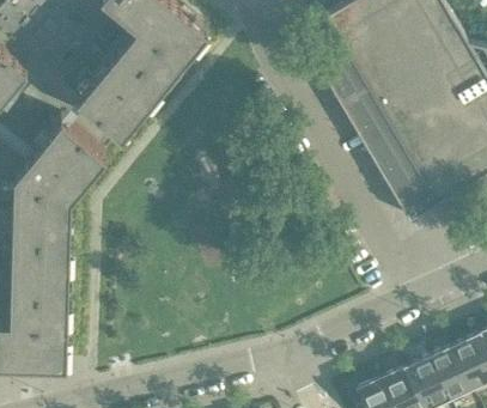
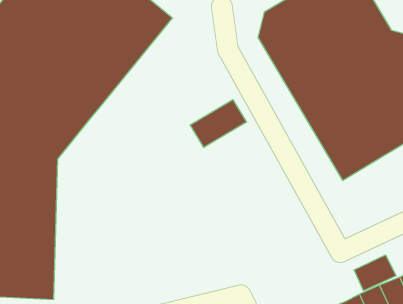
building: none -> [190,100,246,148]
building: none -> [354,255,396,291]

